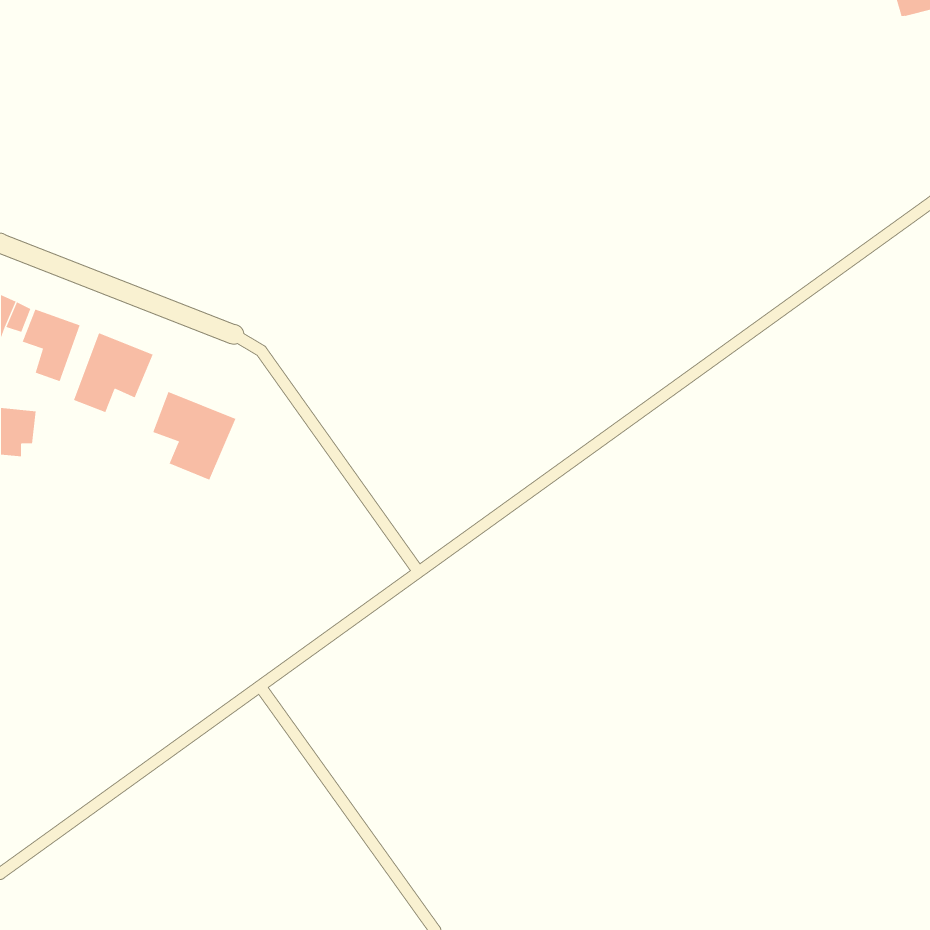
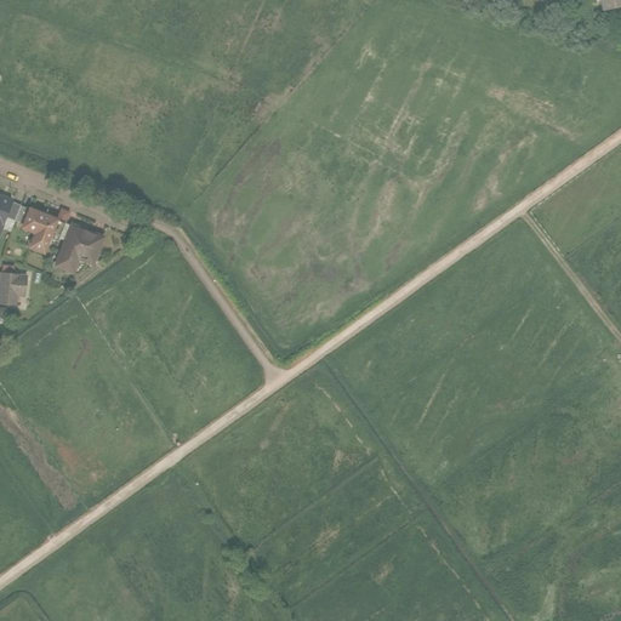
building: [152,391,236,480] -> none

